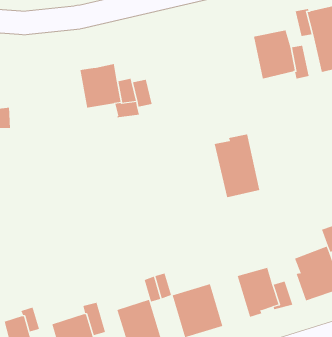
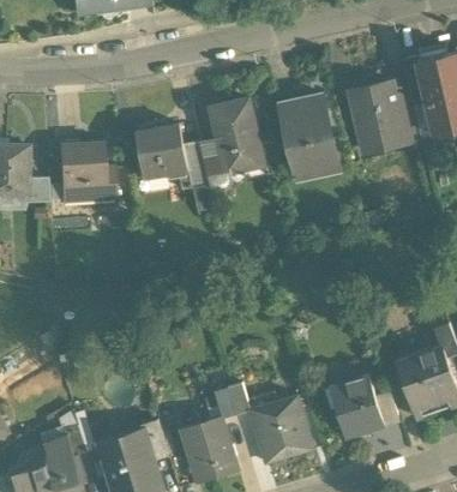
building: none -> [211,100,261,173]
building: none -> [60,143,116,202]
building: [214,134,260,198] -> [279,95,337,174]

